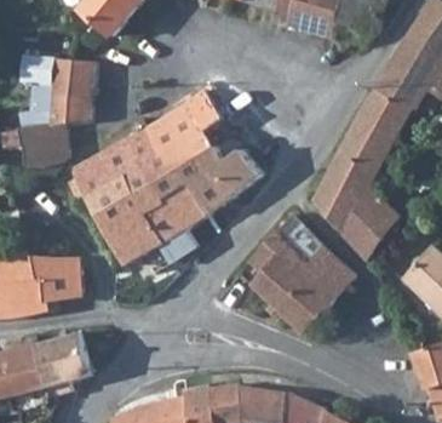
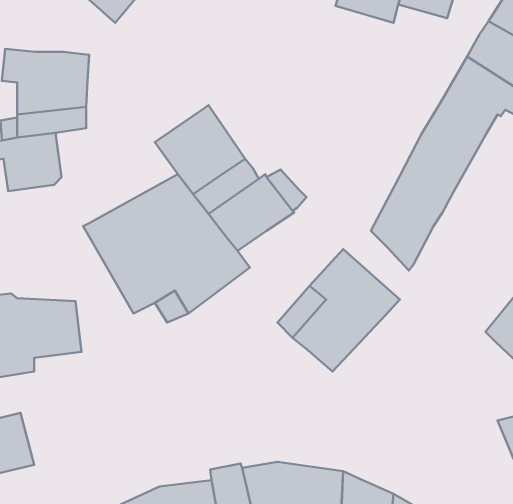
building: [70,130,160,196] -> none
building: [343,185,401,258] -> none
building: [282,255,356,331] -> none
building: [35,333,88,399] -> none

